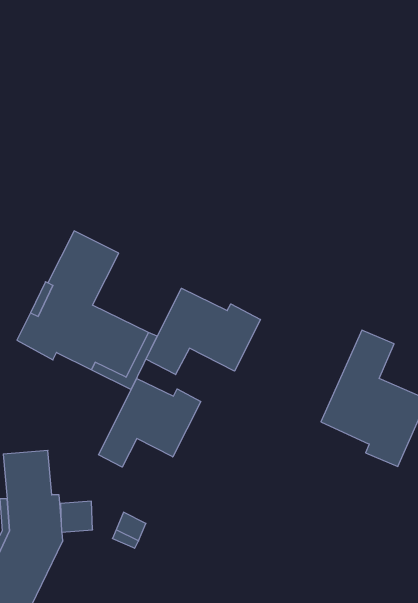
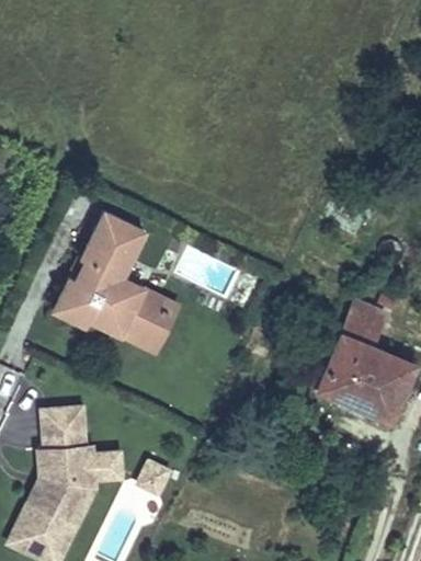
building: [146,288,260,375] -> none
building: [99,378,201,467] -> none

